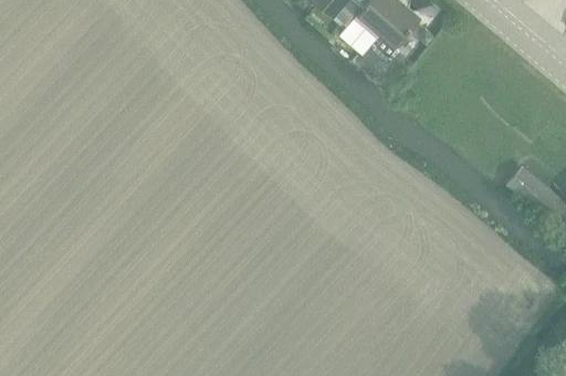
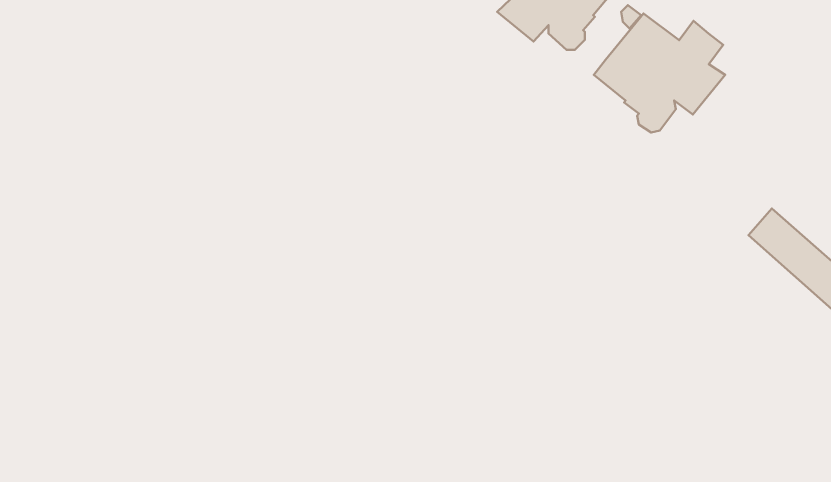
building: none -> [594,14,725,132]

